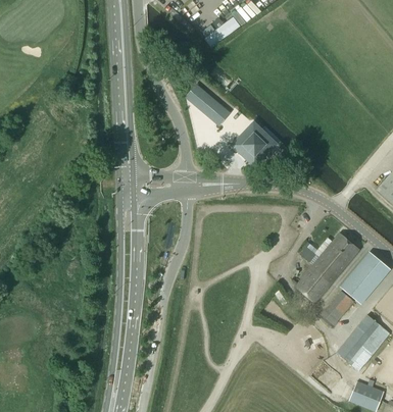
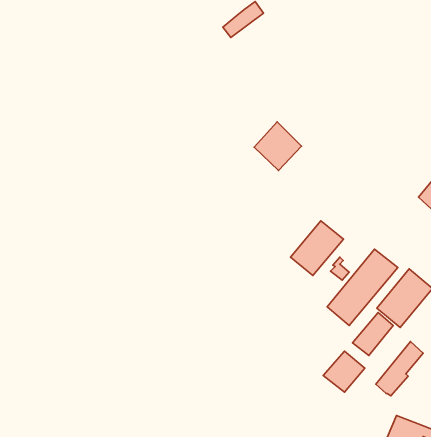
building: [185,83,230,124] -> none
building: none -> [290,221,343,275]
building: none -> [323,351,365,392]

